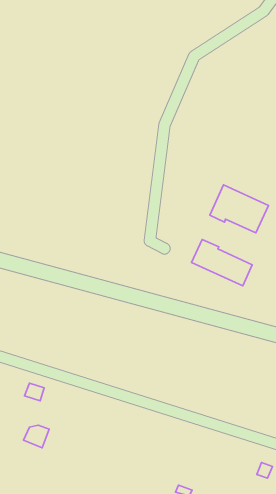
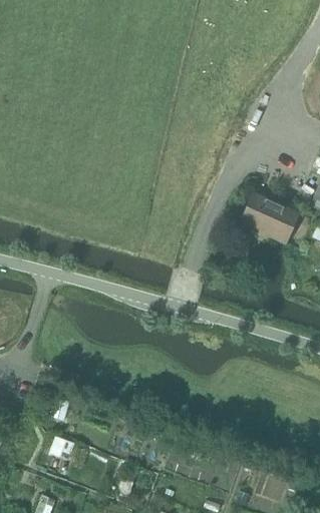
building: [192,239,252,286] -> none

